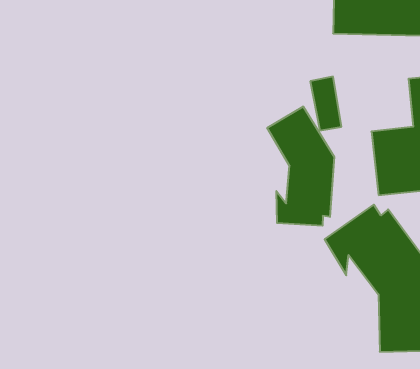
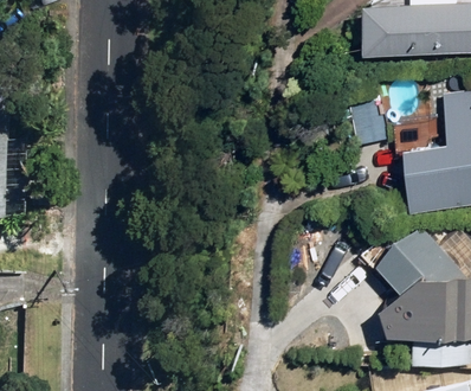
building: [267,106,334,226] -> none

